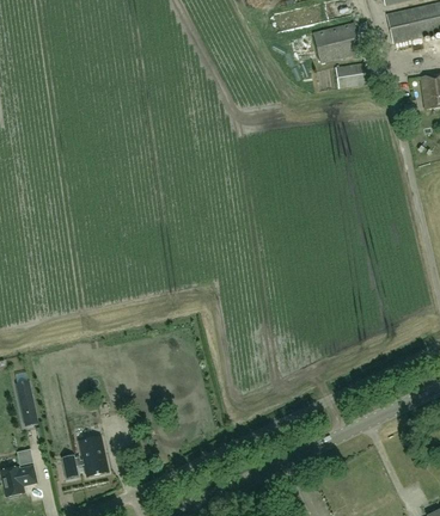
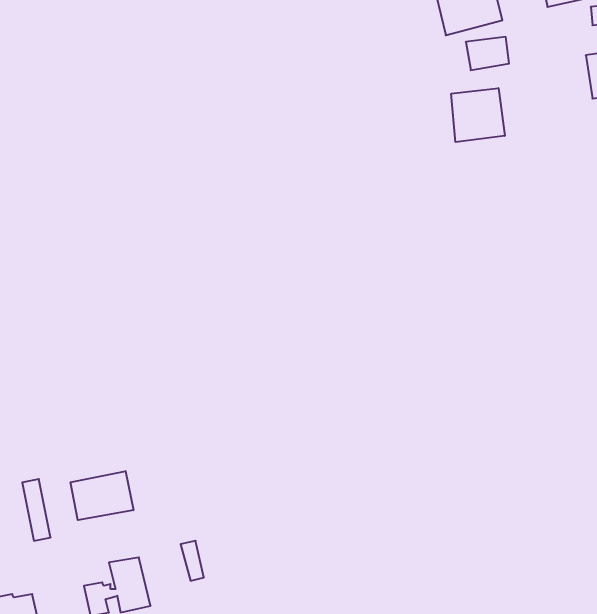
building: none -> [451,88,505,142]
building: none -> [71,471,133,520]

